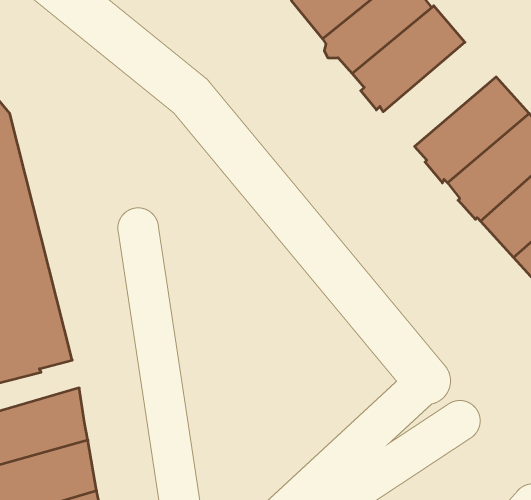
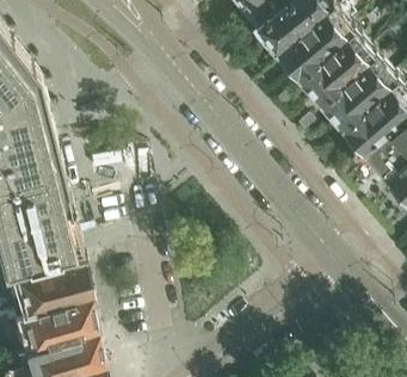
building: none -> [296,32,374,105]

